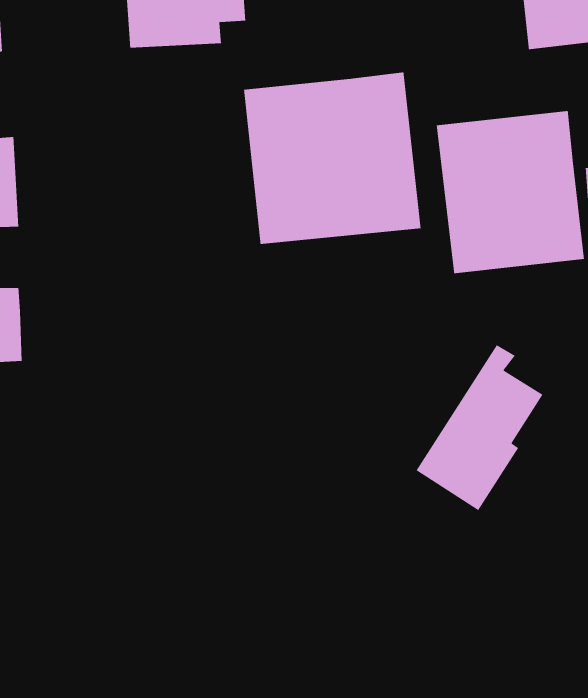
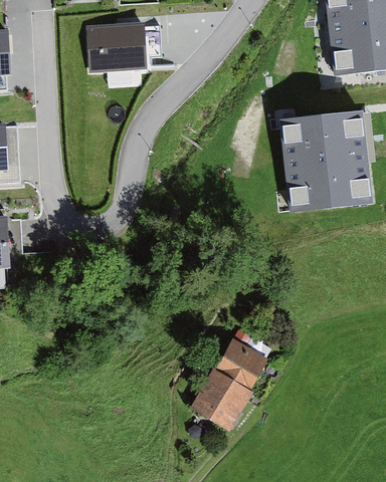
building: [243,71,421,245] -> none
building: [415,344,543,511] -> [188,328,267,432]

